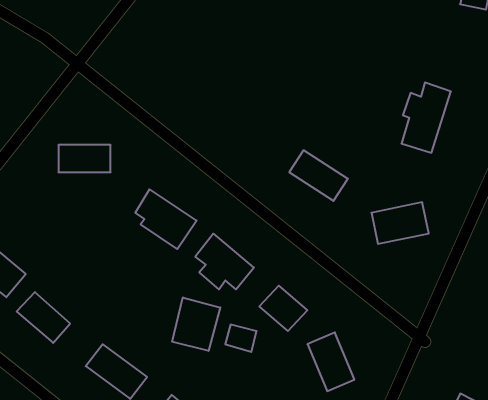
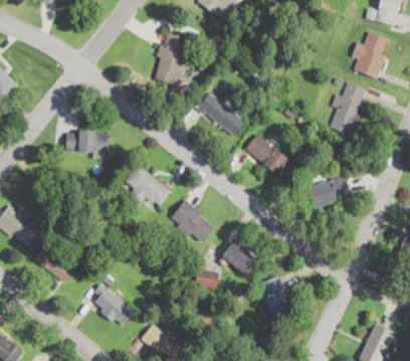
building: none -> [352,32,391,78]
building: none -> [154,33,187,85]
building: none -> [197,93,245,137]
building: [172,297,220,351] -> none

